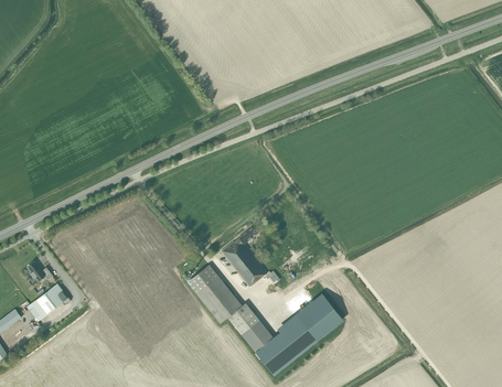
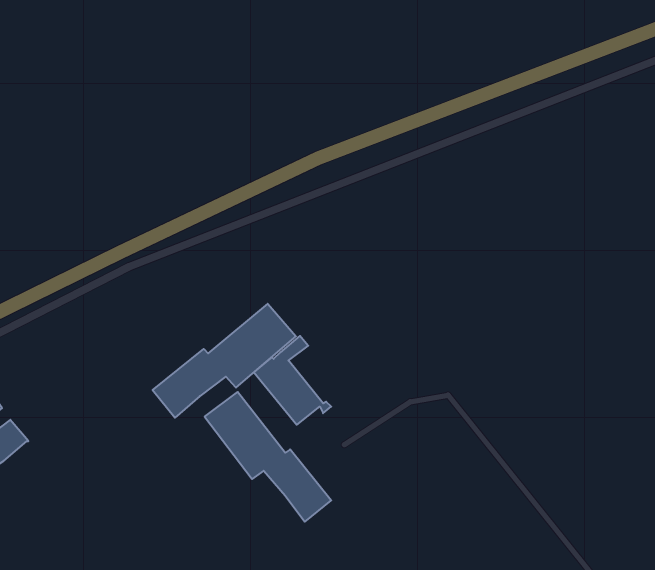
building: none -> [153,304,296,418]
building: [255,297,342,374] -> none

